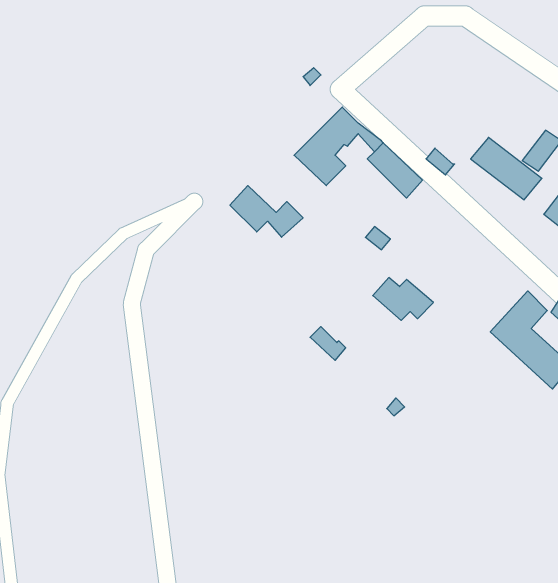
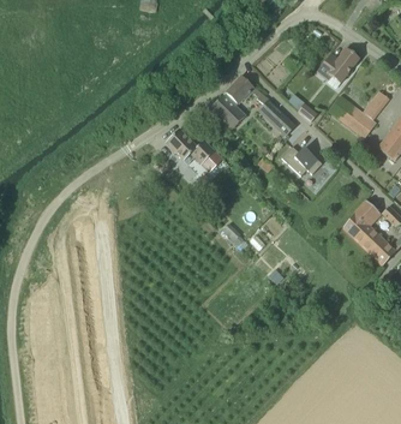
building: none -> [318,47,360,82]
building: [373,278,433,320] -> [282,145,323,174]

